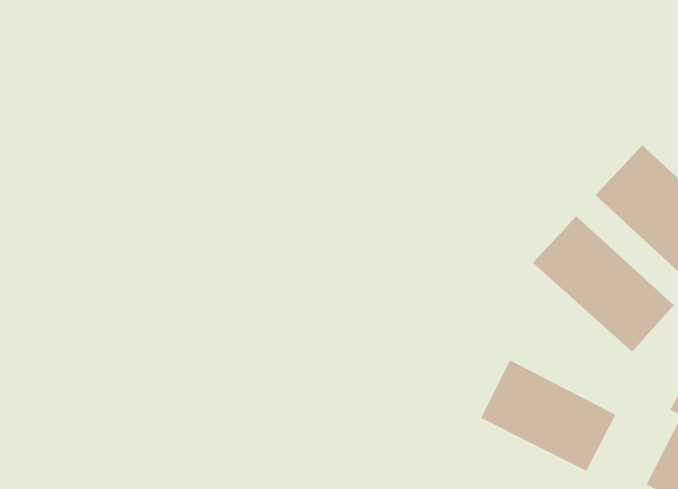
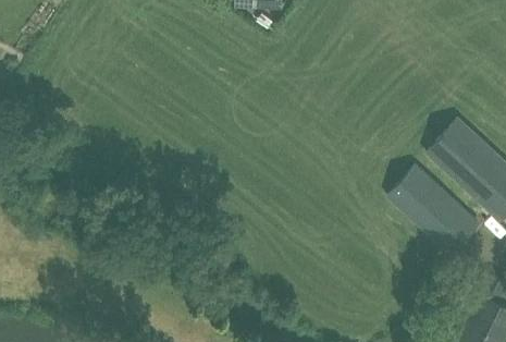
building: [481,359,616,471] -> none

